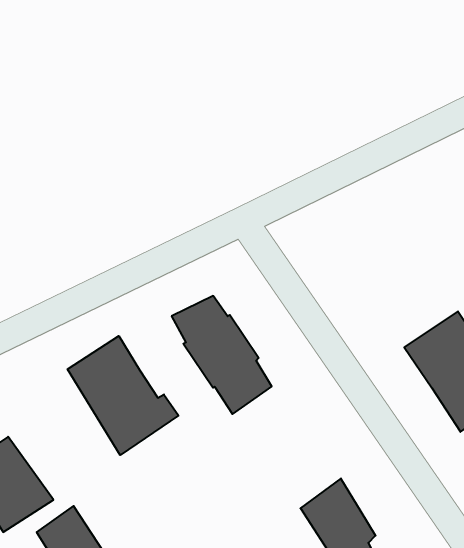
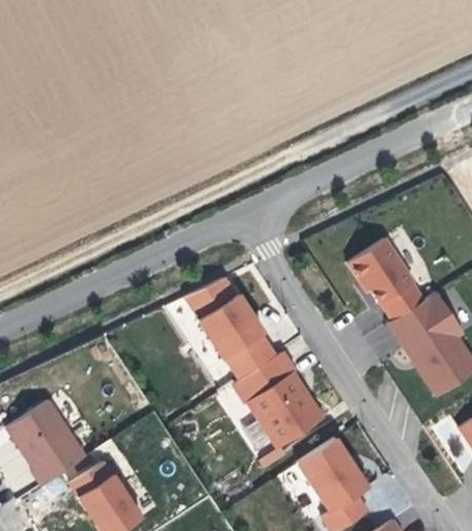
building: none -> [350,239,420,319]
building: [68,336,178,455] -> none
building: none -> [234,352,324,444]

